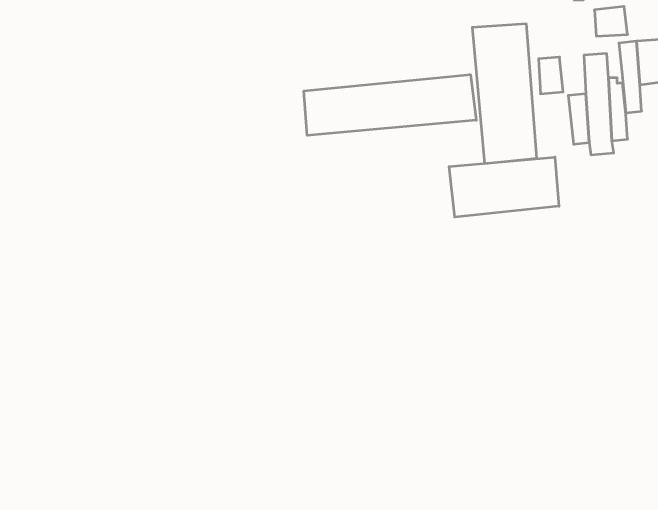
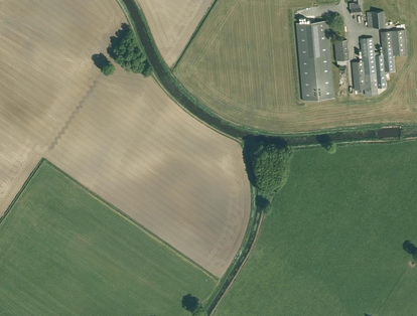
building: [304,75,476,135] -> none
building: [449,157,559,217] -> none

